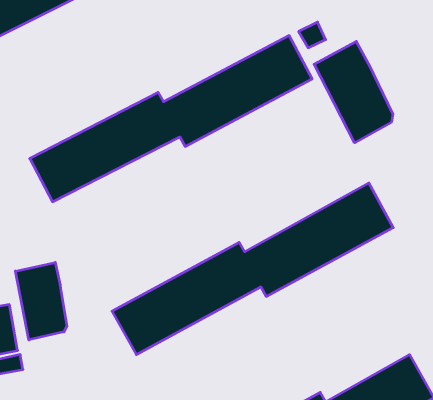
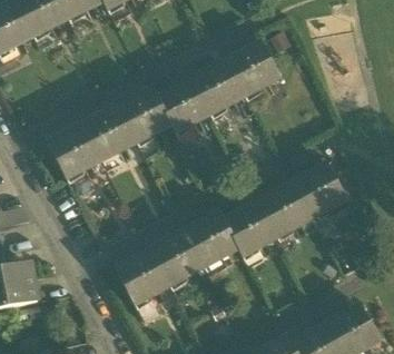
building: [314,41,393,143] -> none
building: [15,262,67,340] -> none

